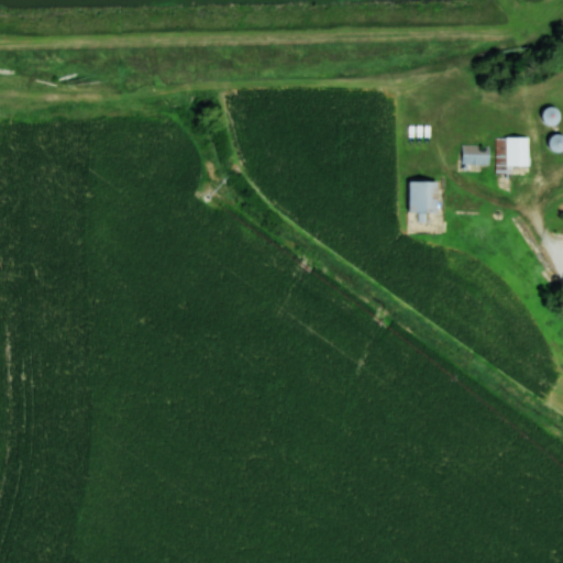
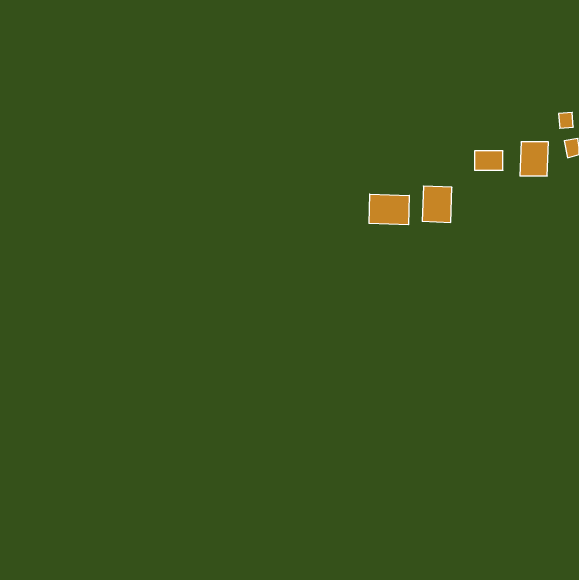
building: none -> [369,194,409,225]

